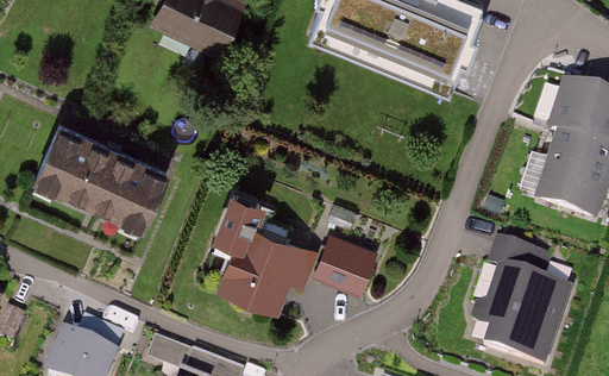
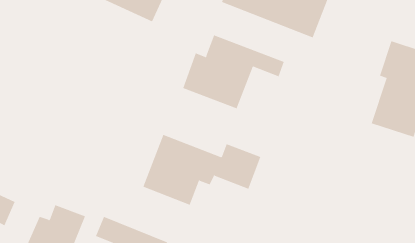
building: none -> [183,34,284,109]
building: [33,115,176,226] -> none
building: [467,231,569,364] -> none

